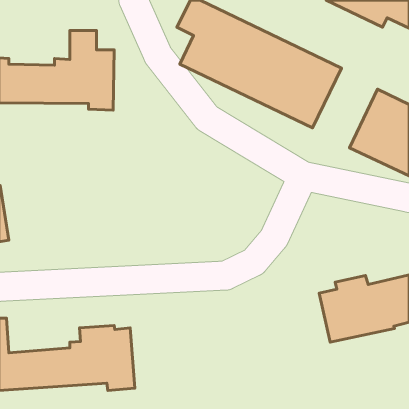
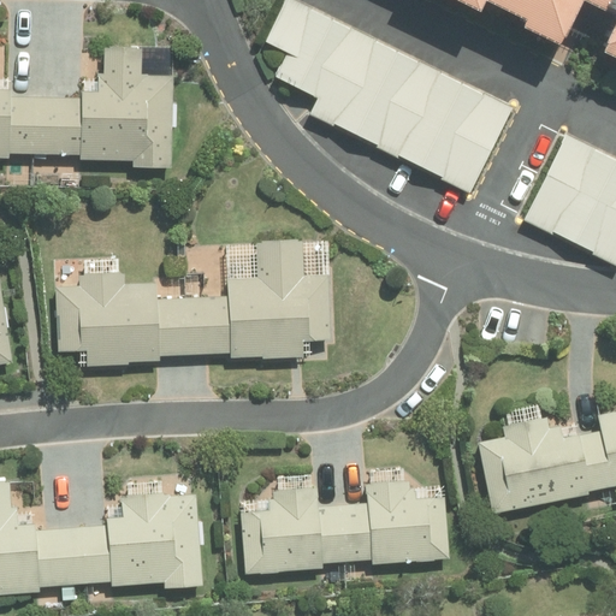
building: none -> [59,241,330,368]
building: none -> [237,480,446,570]

